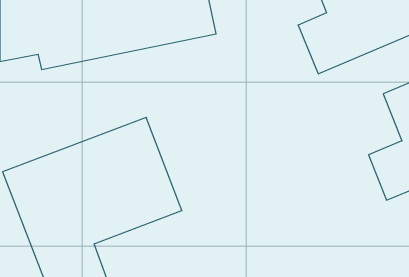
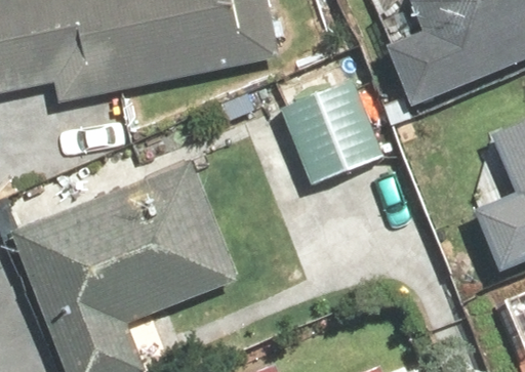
building: none -> [279,79,386,185]

